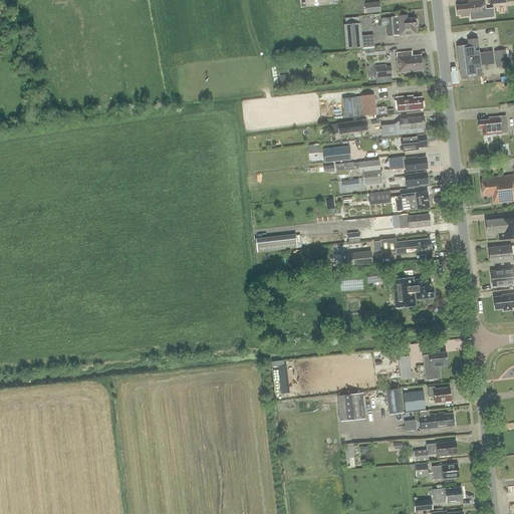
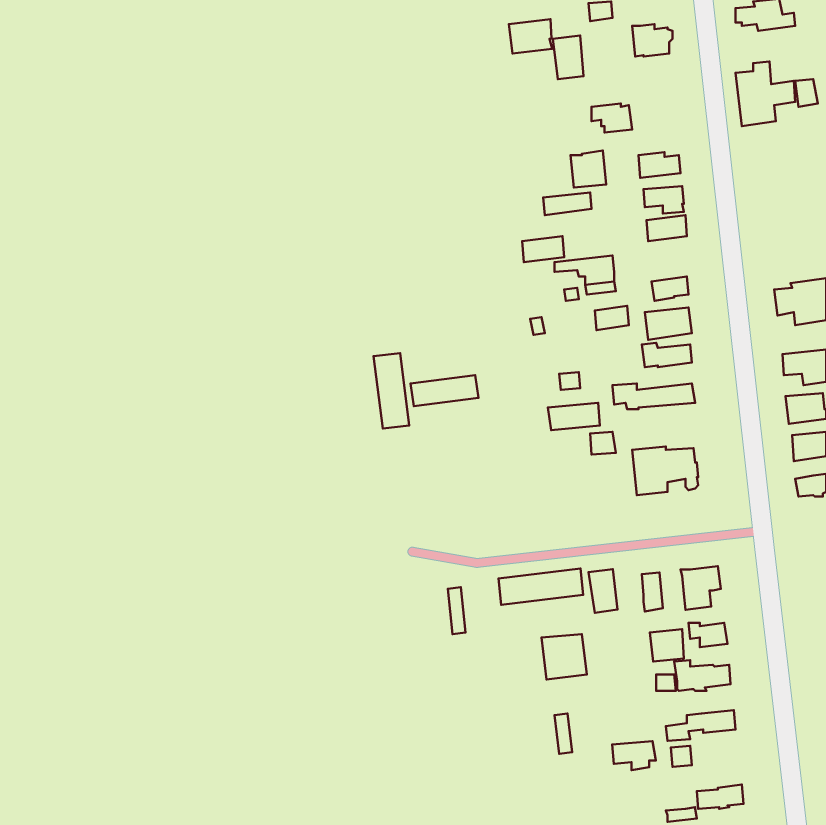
building: none -> [509,19,552,53]
building: [397,51,423,72] -> none
building: [478,115,507,135] -> none
building: [389,156,428,171] -> none
building: none -> [374,353,409,428]
building: none -> [499,569,583,605]
building: [386,388,404,415] -> [588,569,618,613]
building: [432,464,459,482] -> [612,741,656,770]

